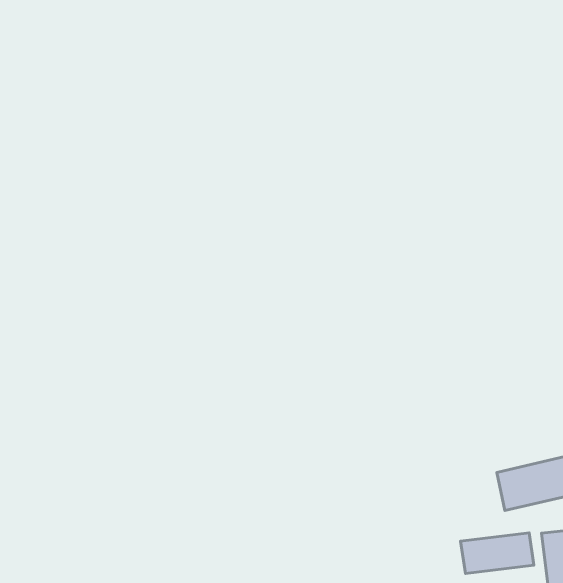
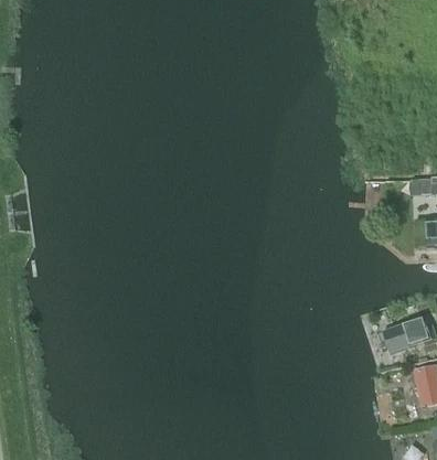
building: [461,533,534,573] -> none

